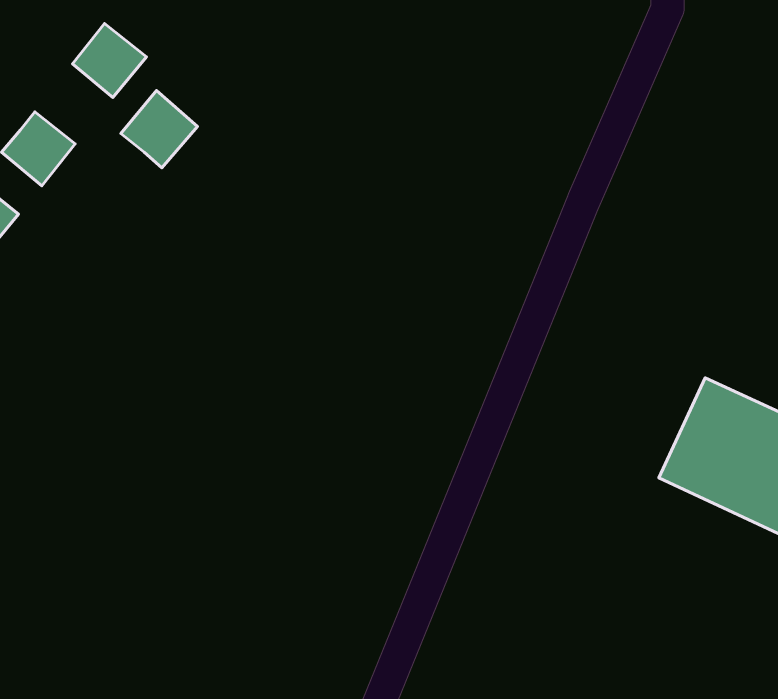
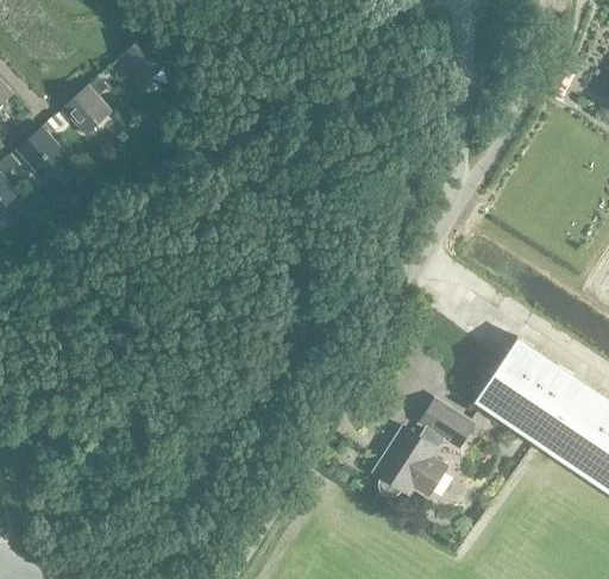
building: [121,90,198,168] -> none
building: none -> [373,399,475,499]

